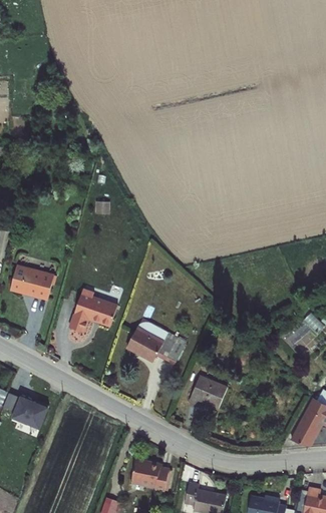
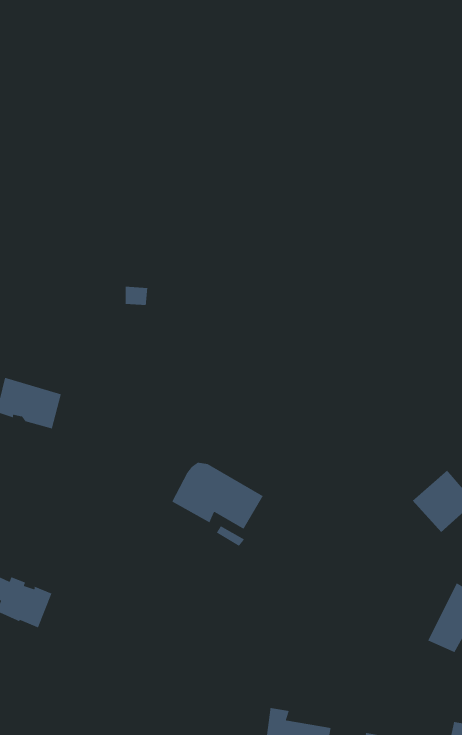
building: [68,290,116,334] -> none
building: [189,373,229,407] -> none
building: [130,457,168,490] -> none

